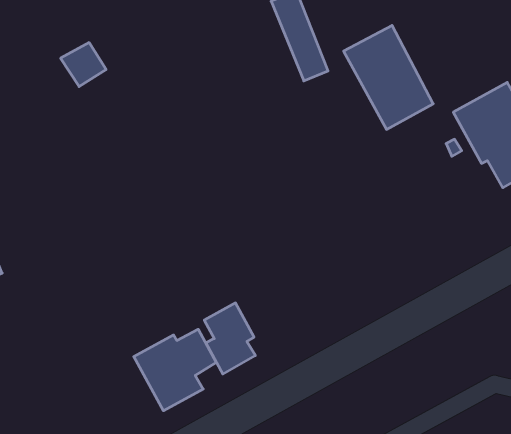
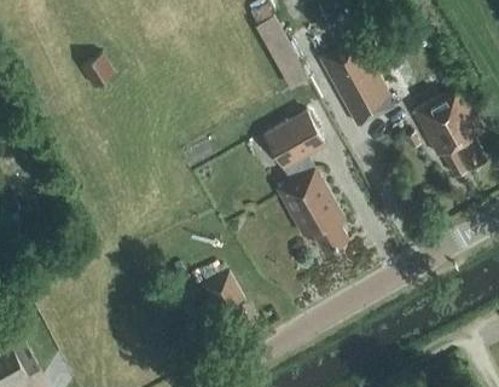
building: none -> [263,111,346,250]
building: [134,329,216,411] -> none

